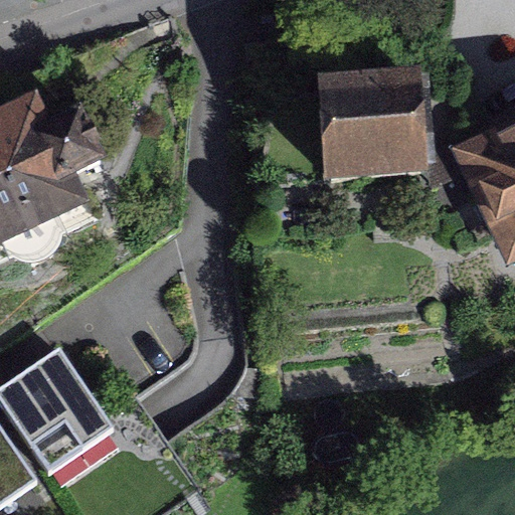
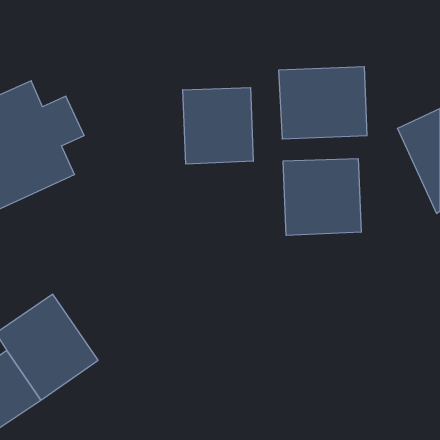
building: none -> [183,88,253,164]
building: none -> [283,159,361,235]

